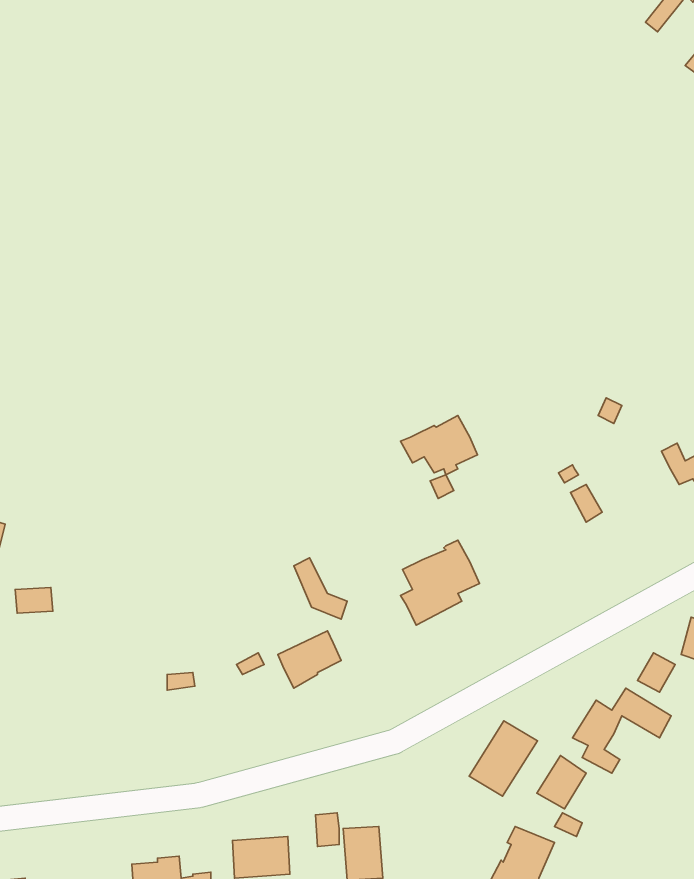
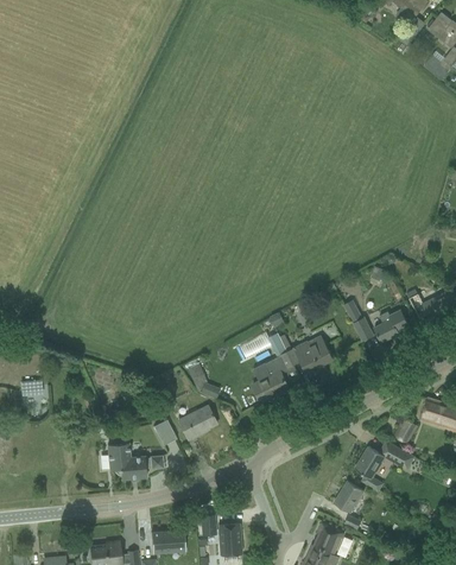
building: [401,415,478,475] -> [286,336,332,372]
building: none -> [374,311,410,342]
building: none -> [107,443,163,480]
building: [469,721,537,796] -> none

